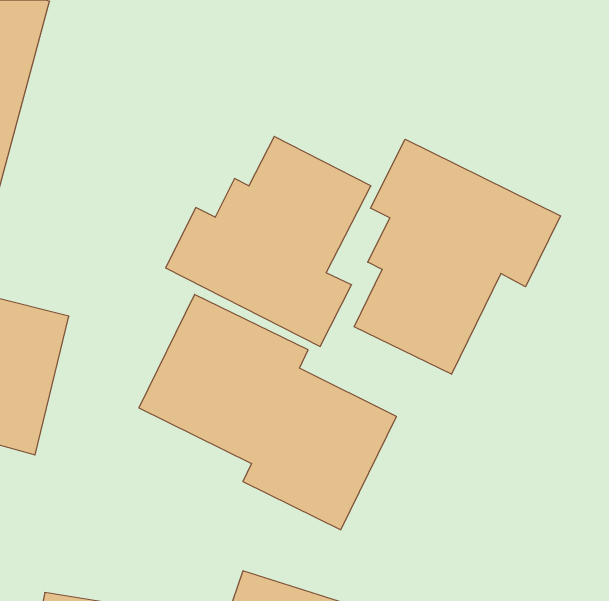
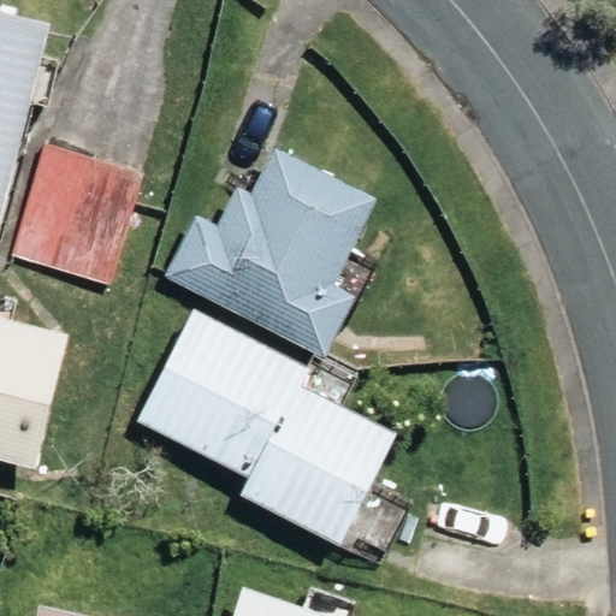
building: none -> [18,154,143,292]
building: [354,139,560,374] -> none

